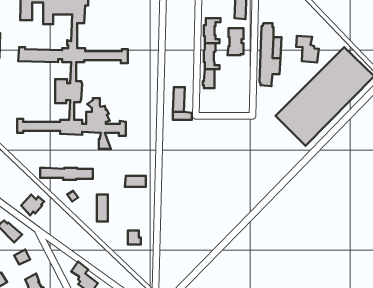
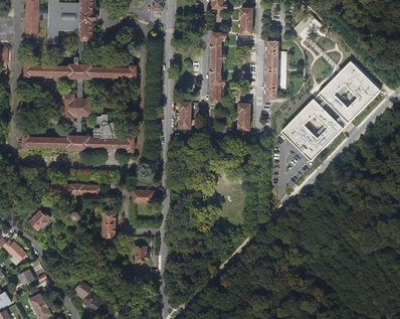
building: [228,28,244,55] -> [238,103,254,130]
building: [296,36,319,62] -> none

